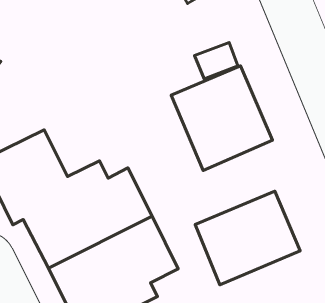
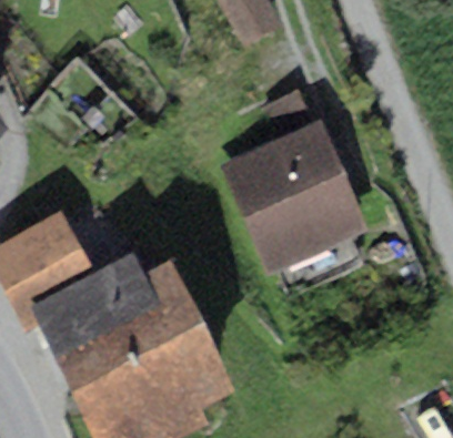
building: [195,191,300,285] -> none

